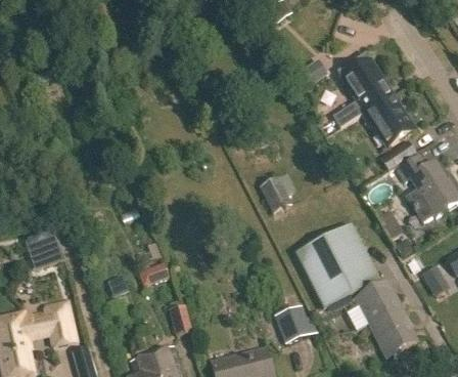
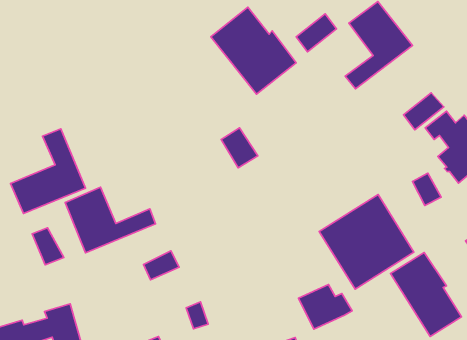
building: none -> [211,7,296,94]
building: [338,94,415,146] -> none
building: none -> [11,129,86,213]
building: [260,177,291,213] -> [221,128,258,168]
building: none -> [65,187,156,253]

